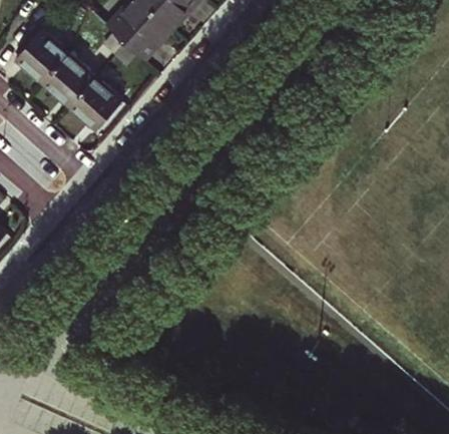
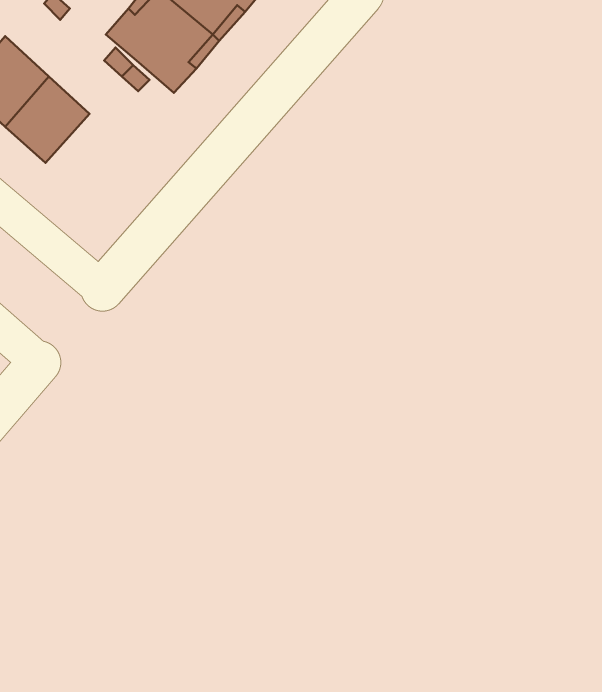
building: [67,75,121,129] -> none

